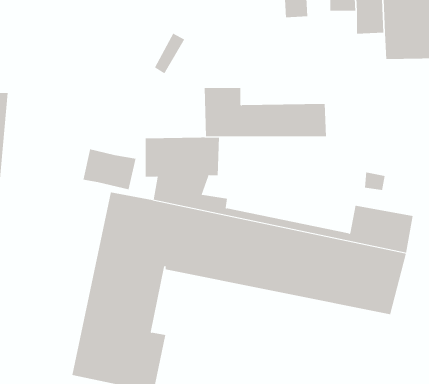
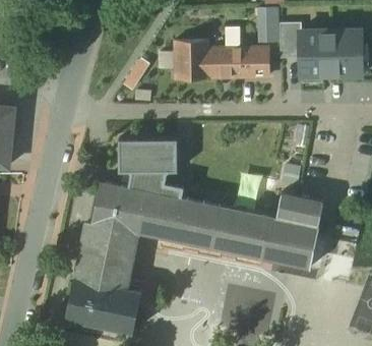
building: [204,88,327,137] -> [175,41,268,78]
building: [83,148,136,190] -> none

